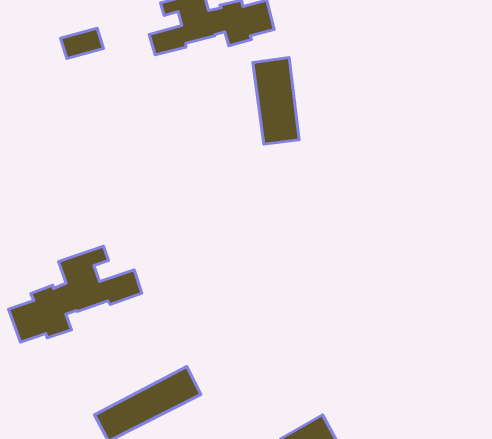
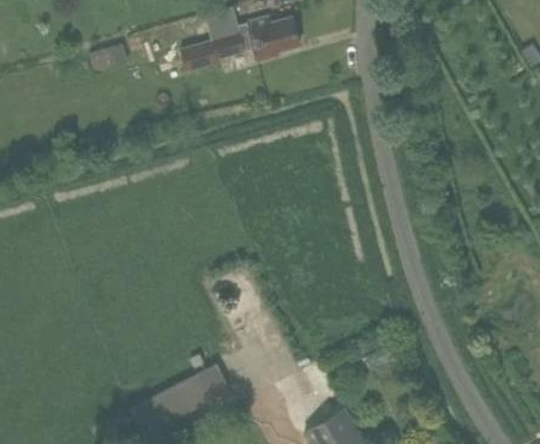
building: [253,58,299,144] -> none
building: [8,246,142,342] -> none

